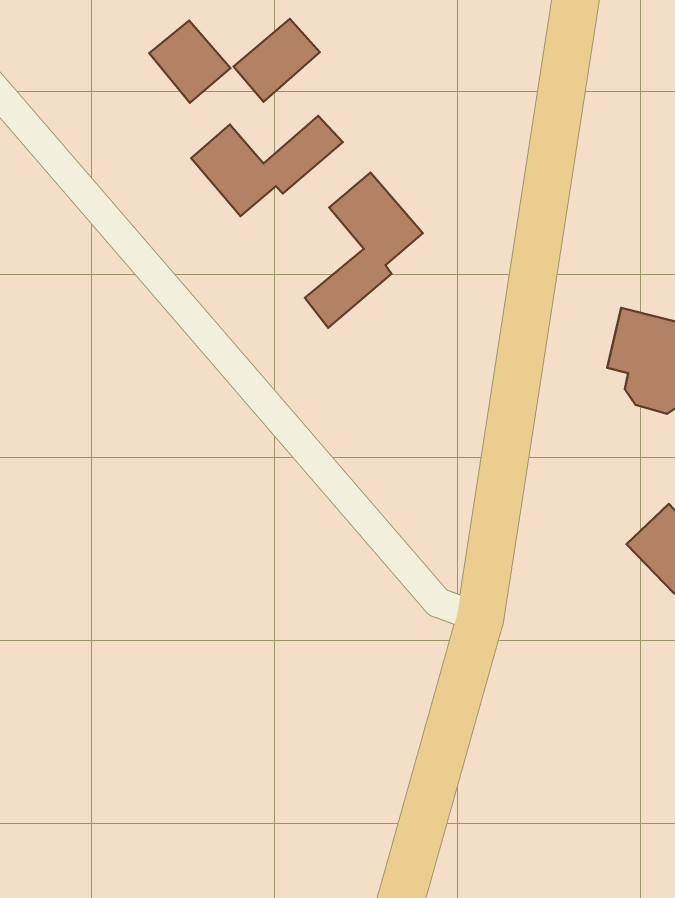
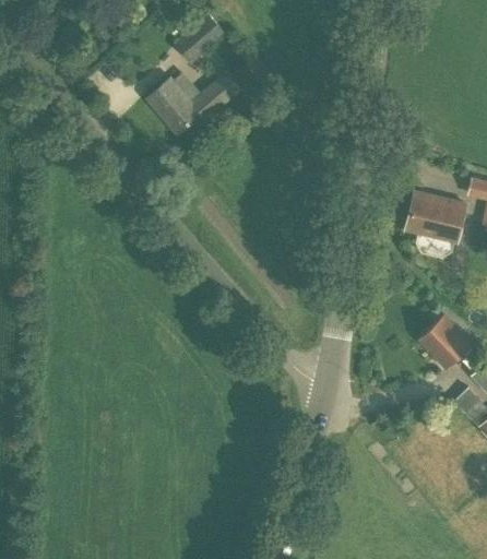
building: [149,20,230,103] -> none
building: [305,173,423,328] -> none

